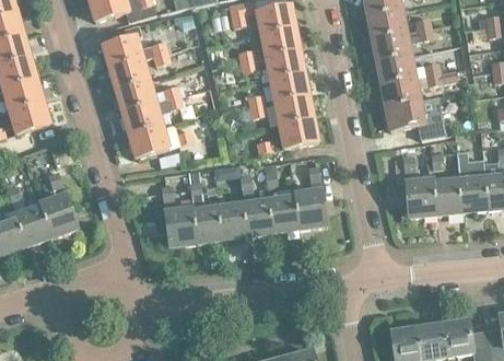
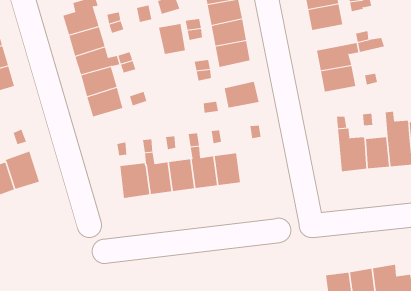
building: [375,55,414,83] -> none
building: [273,94,313,125] -> none
building: [293,189,326,229] -> none

